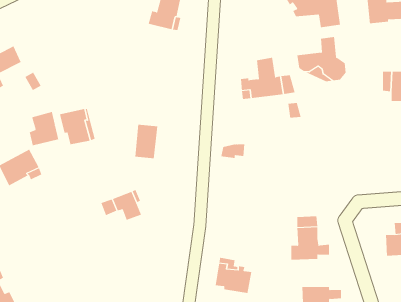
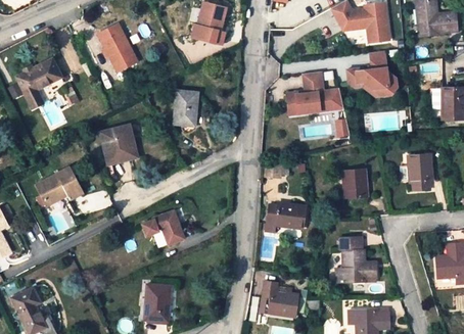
building: none -> [98,22,136,73]
building: [29,111,59,146] -> none
building: [135,124,158,159] -> [173,90,197,126]
building: none -> [409,152,433,191]
building: none -> [343,169,369,206]
building: none -> [266,202,305,231]
building: none -> [144,283,171,320]

